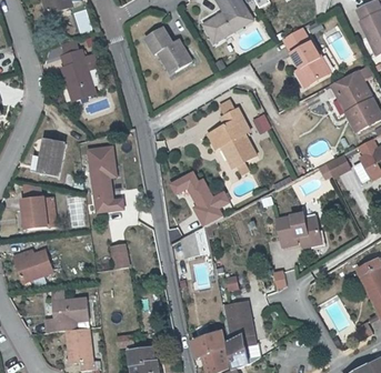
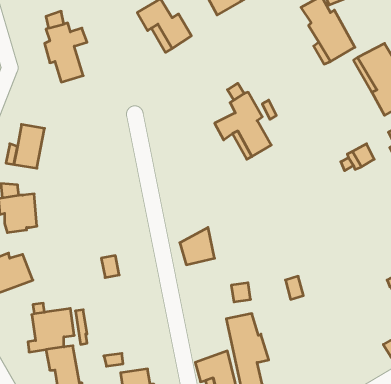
building: [86,145,122,212] -> none
building: [168,170,228,225] -> none
building: [273,213,323,248] -> none

